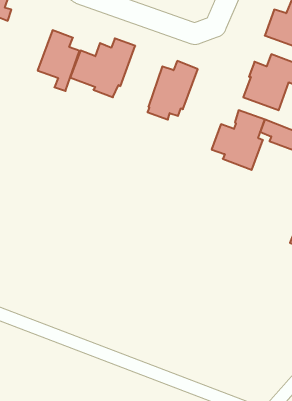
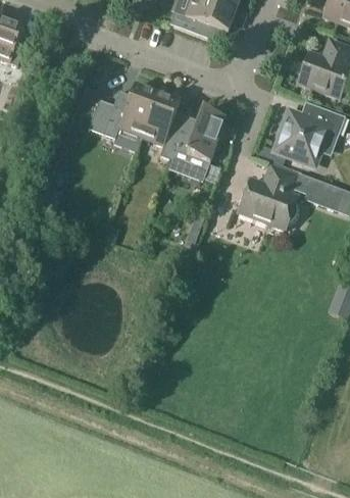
building: [38,30,79,91] -> [141,94,187,160]

